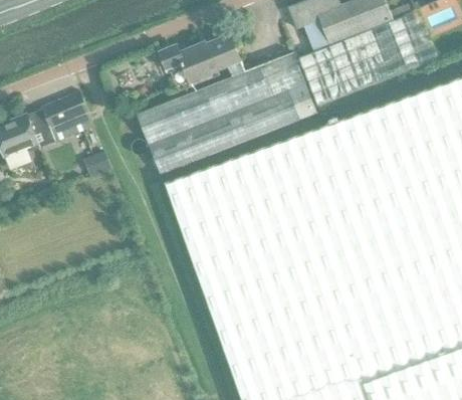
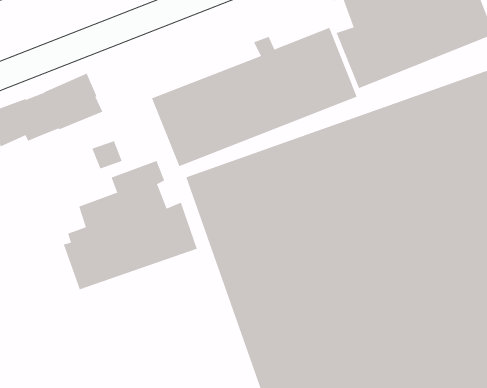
building: [160,33,240,81] -> none
building: none -> [63,160,197,290]

